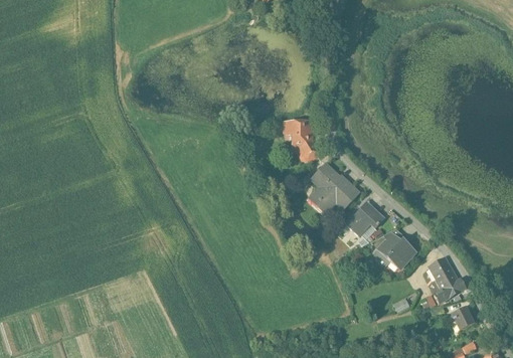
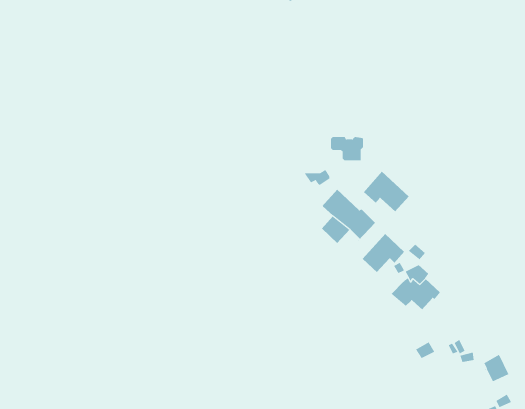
building: [284,121,313,142] -> [330,137,364,161]
building: none -> [363,171,410,212]
building: [429,257,466,303] -> none

